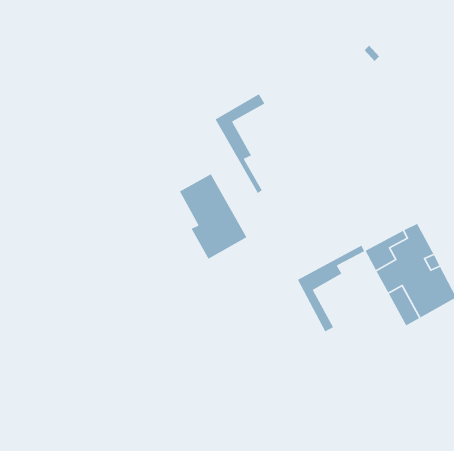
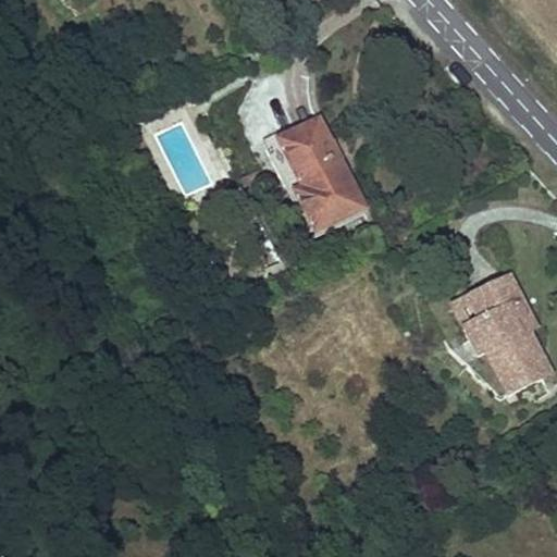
building: [179,173,248,260] -> [287,126,371,232]
building: [297,245,365,332] -> none

